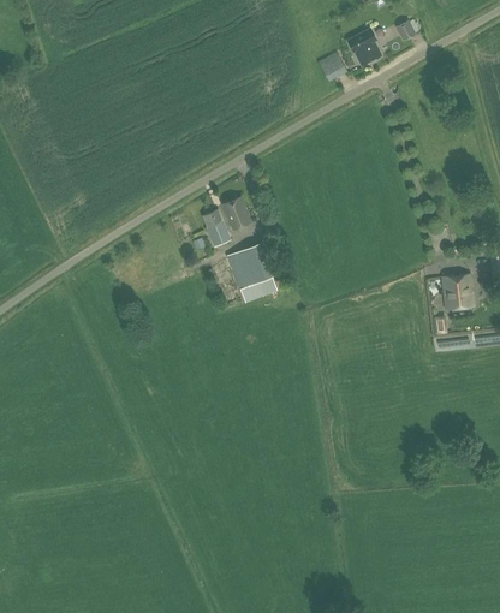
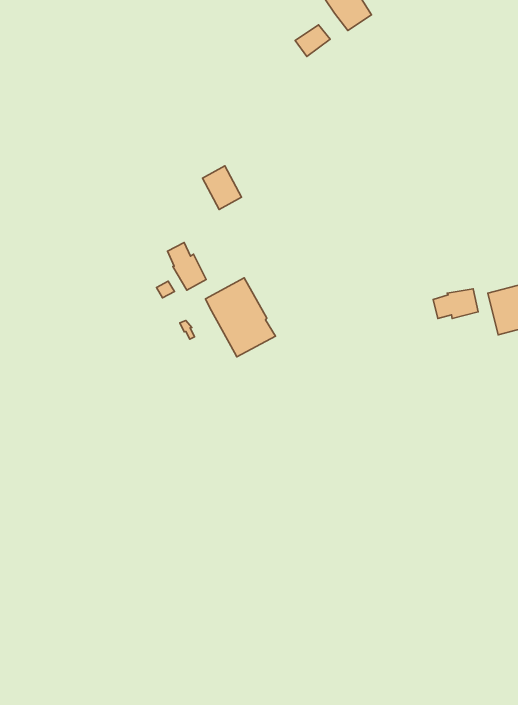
building: [222,196,250,228] -> [203,166,242,209]
building: none -> [433,289,478,319]

